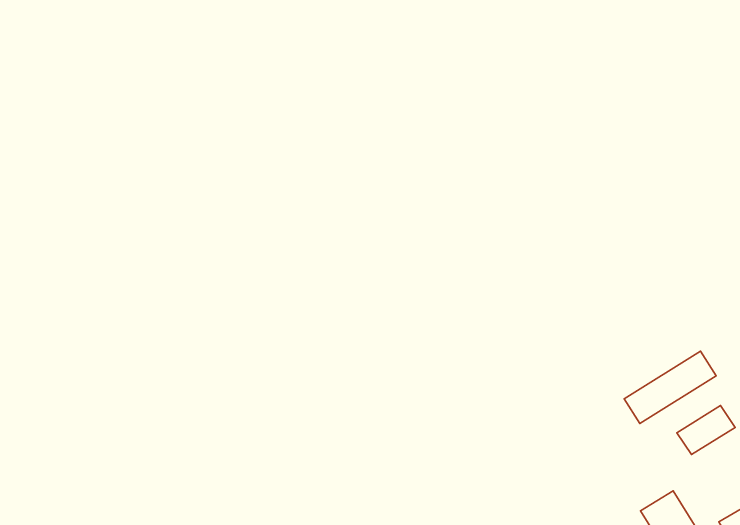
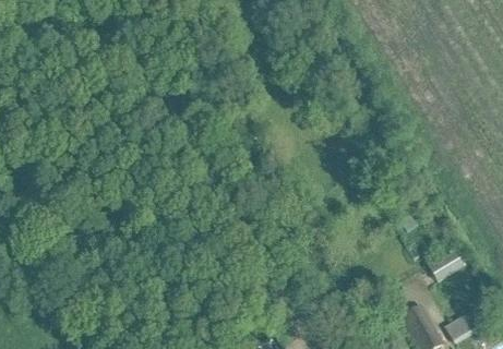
building: [624,351,716,424] -> none

